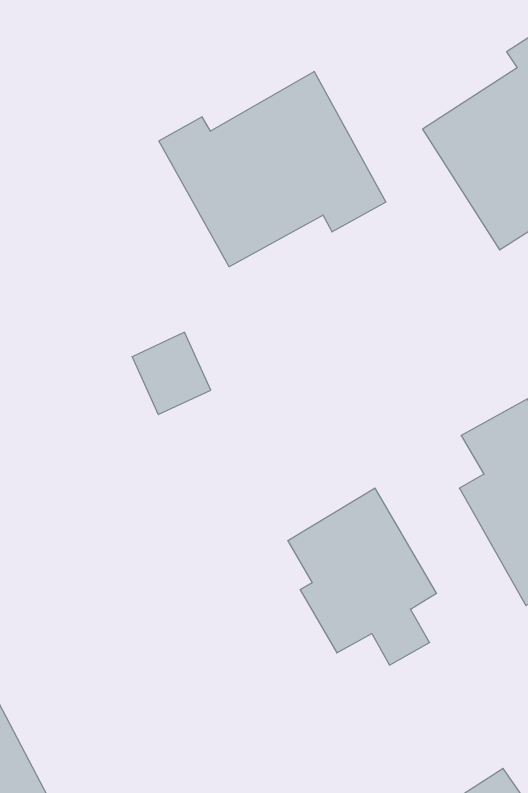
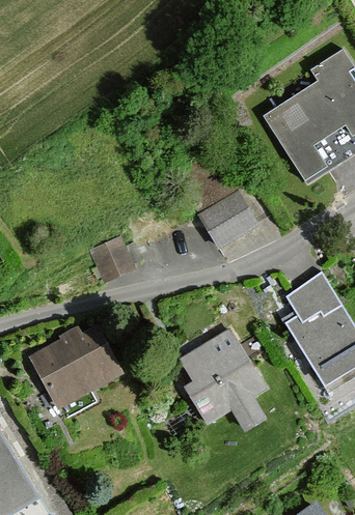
building: [159,71,386,267] -> none
building: none -> [200,189,263,250]
building: none -> [34,323,125,408]

